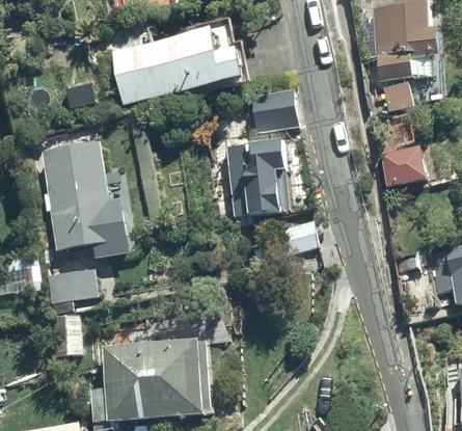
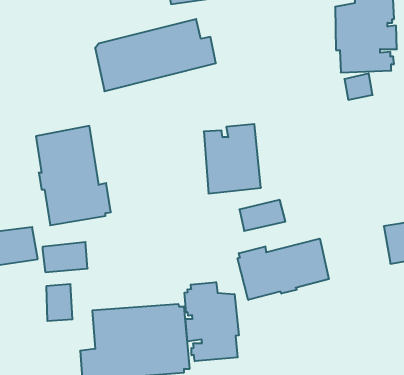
building: [250,88,301,133] -> none
building: [379,141,433,185] -> none
building: none -> [238,239,329,300]
building: none -> [185,282,239,361]

